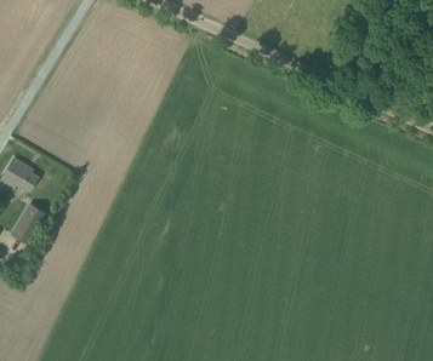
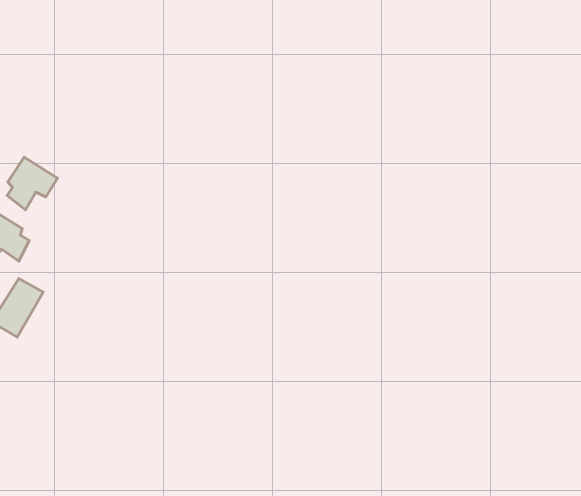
building: none -> [7,157,57,210]

